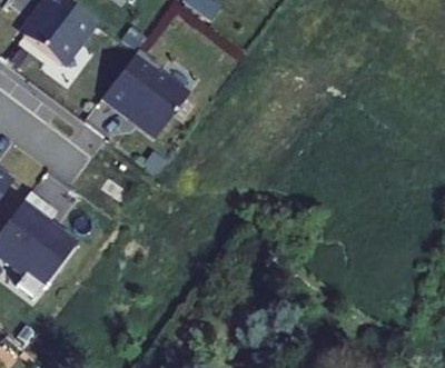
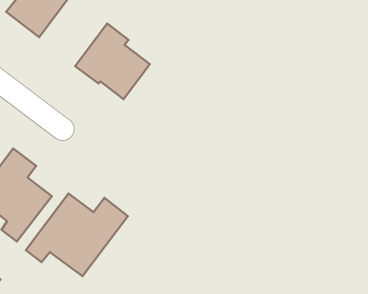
building: none -> [26,193,128,276]

